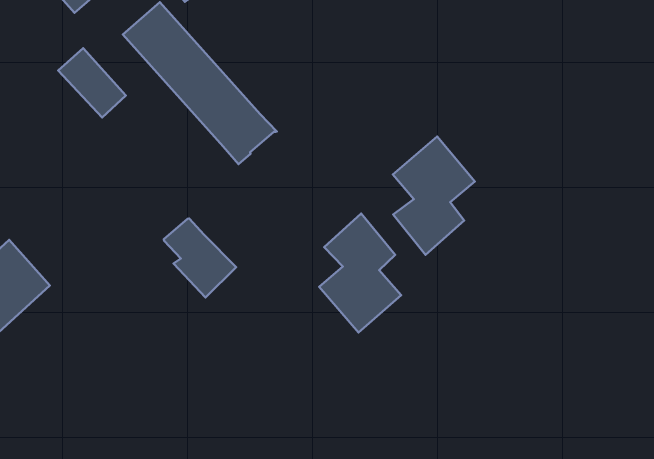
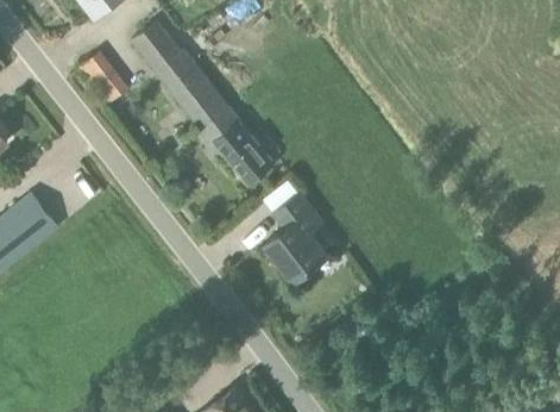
building: [393,136,475,255] -> none
building: [164,219,236,297] -> [220,123,273,183]

